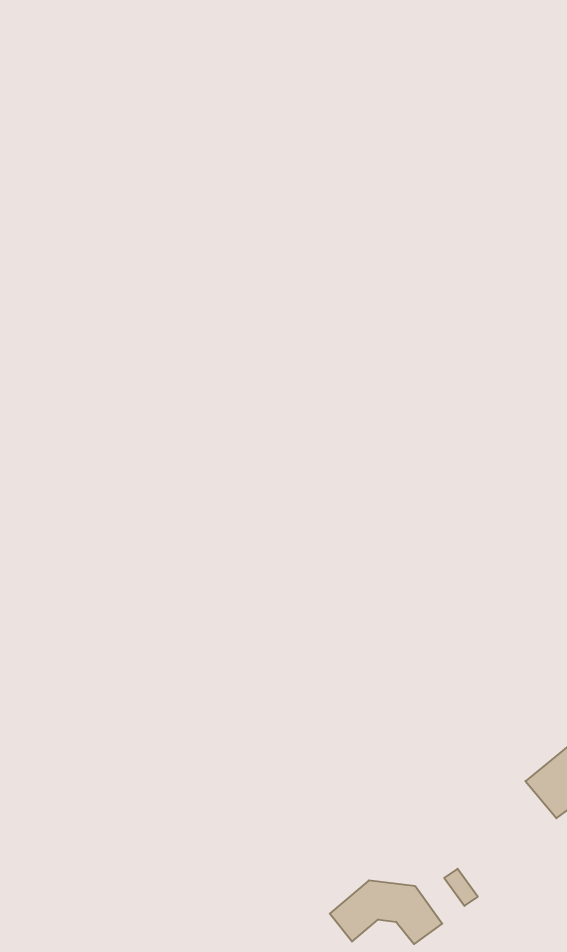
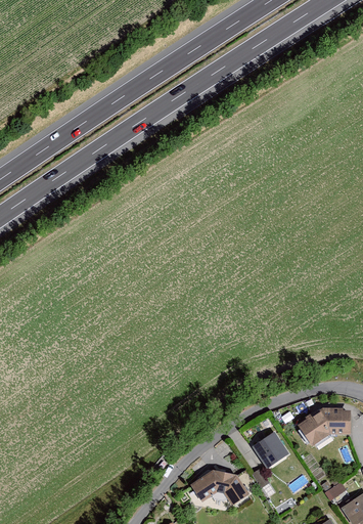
building: none -> [252,432,288,468]

